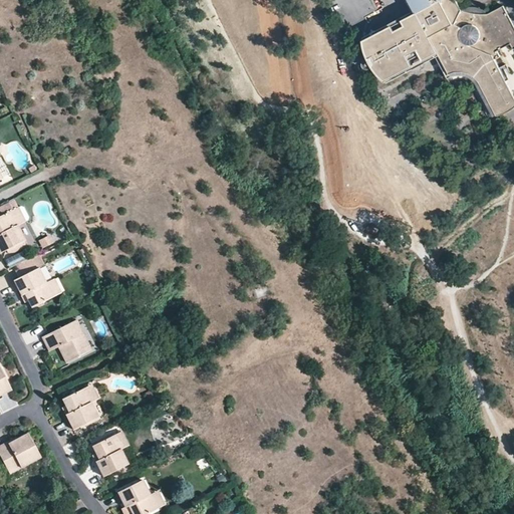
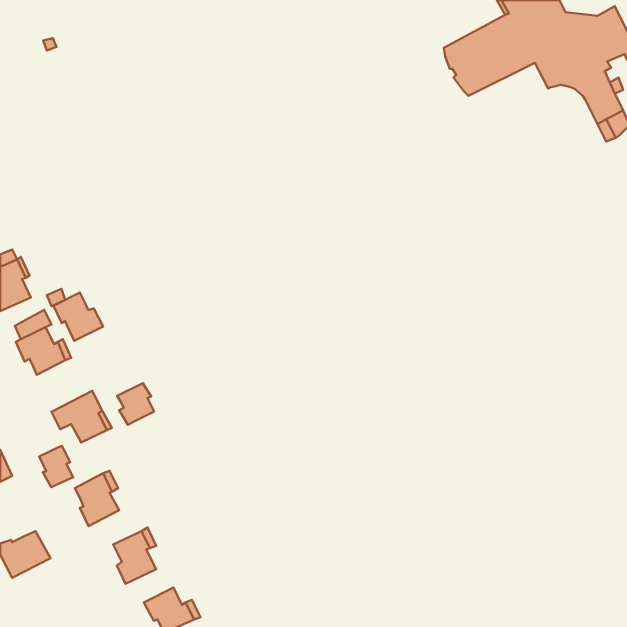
building: none -> [54,293,103,341]
building: none -> [117,383,154,425]
building: none -> [39,446,73,487]

